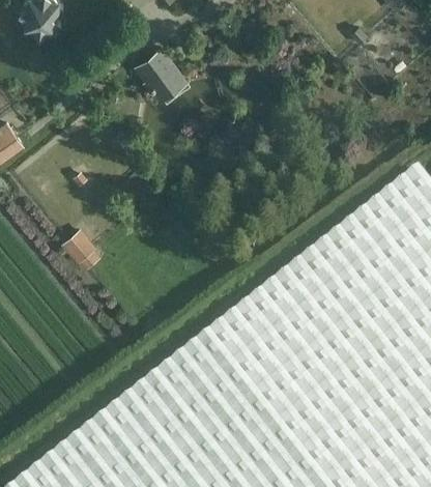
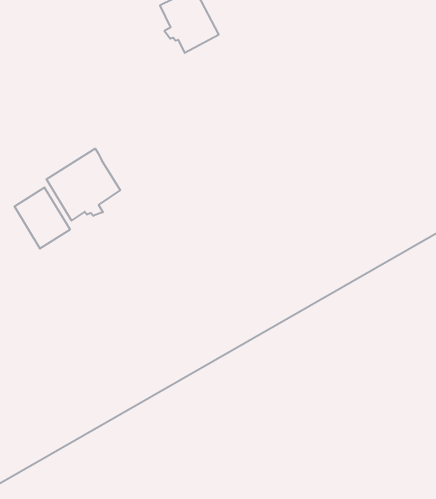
building: none -> [46,149,120,221]

